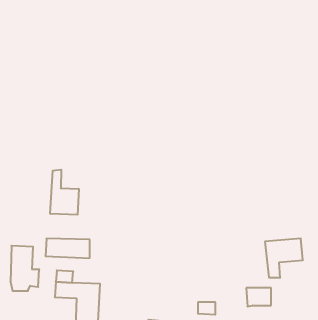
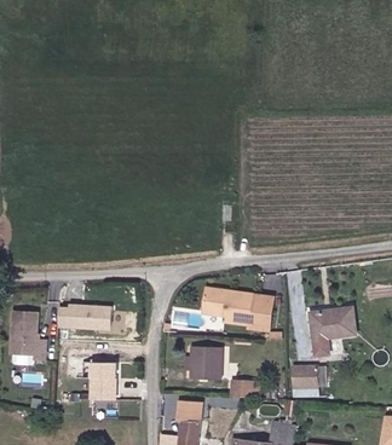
building: [50,170,79,215] -> none
building: none -> [206,287,273,326]
building: none -> [191,345,223,382]

